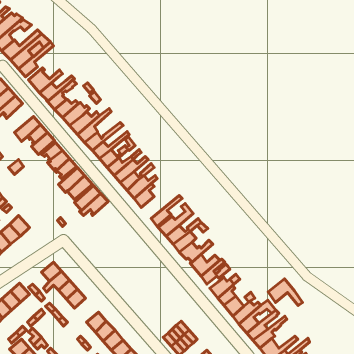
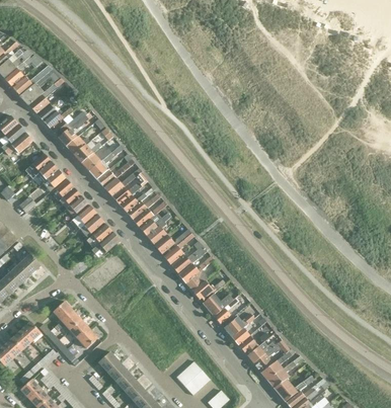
building: none -> [154,229,192,256]
building: [268,279,303,305] -> none

